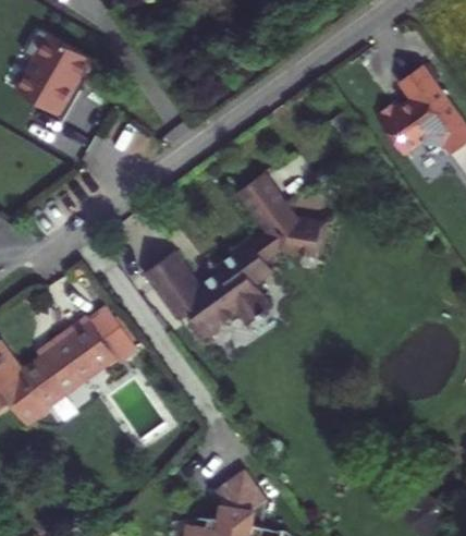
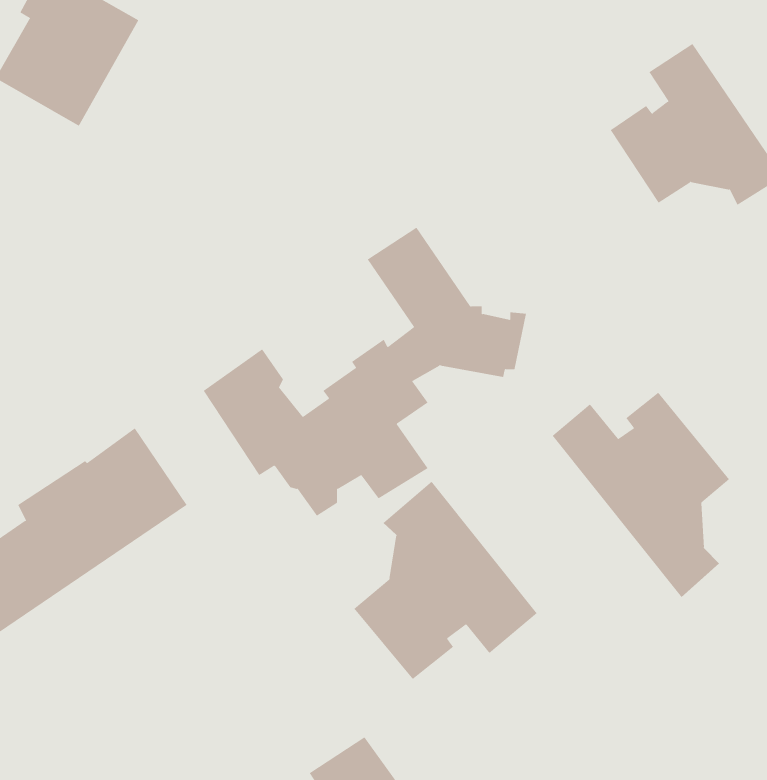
building: none -> [552,392,730,598]
building: none -> [354,481,538,680]

